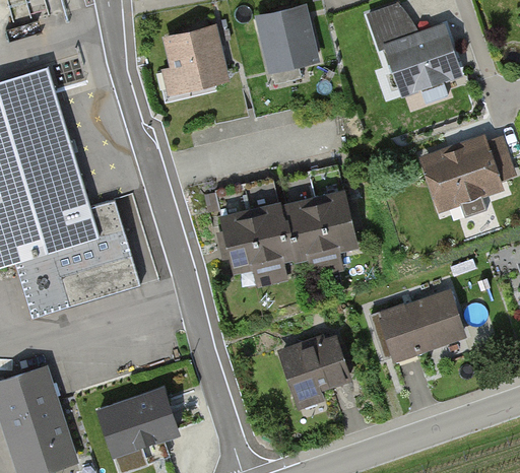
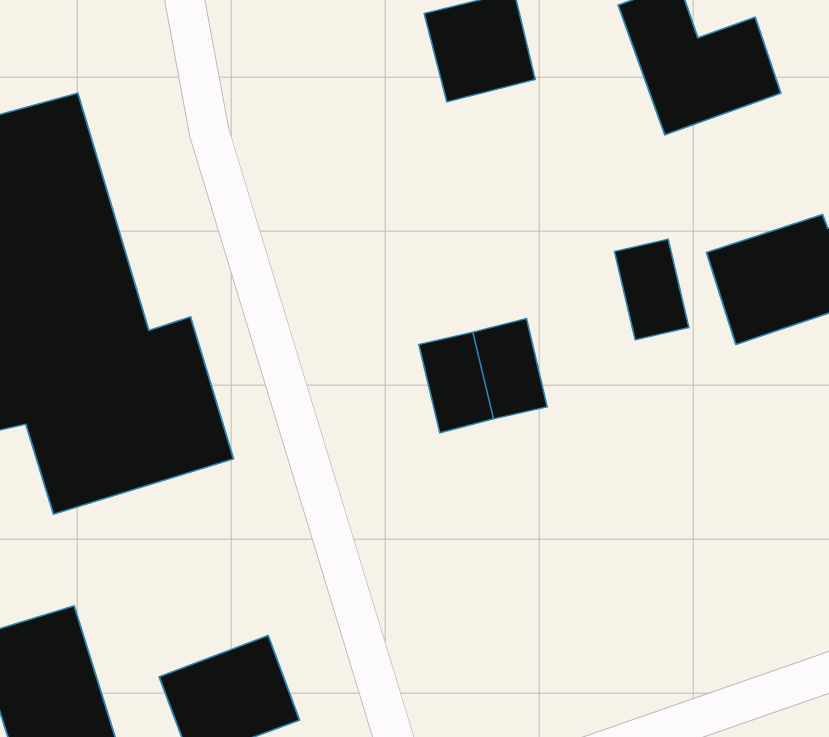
building: [160,26,226,92] -> none
building: [312,192,355,251] -> [614,239,689,340]
building: [217,214,261,273] -> none
building: [375,295,464,362] -> none
building: [280,336,348,397] -> none

